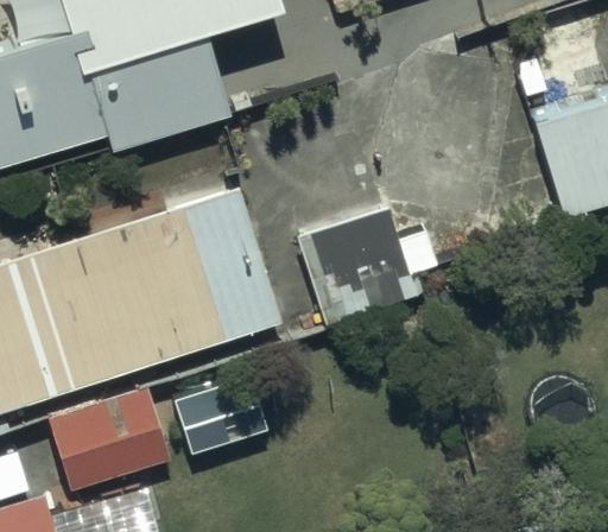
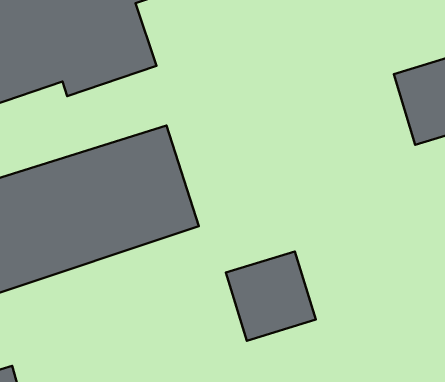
building: [297,211,413,327] -> [226,251,316,341]
building: [50,390,172,490] -> none

